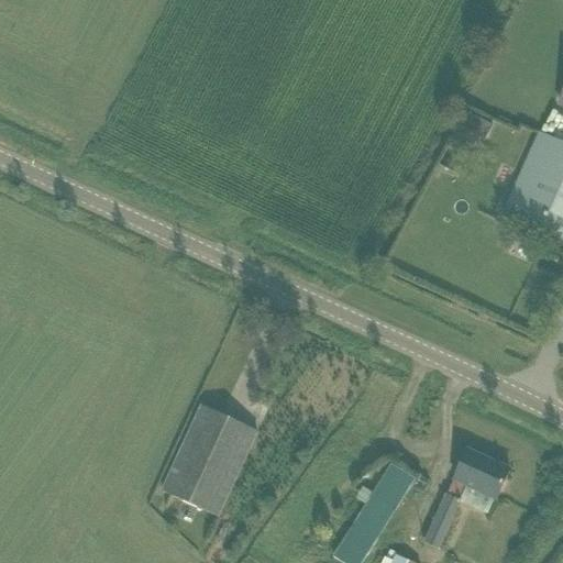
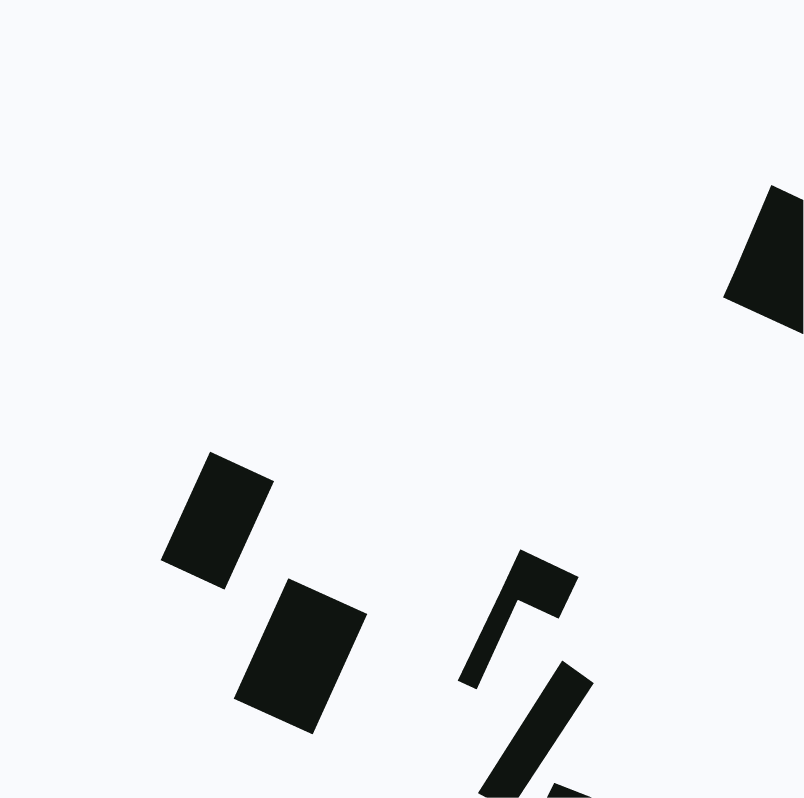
building: none -> [160,451,275,590]
building: [424,448,510,547] -> [457,549,579,690]

